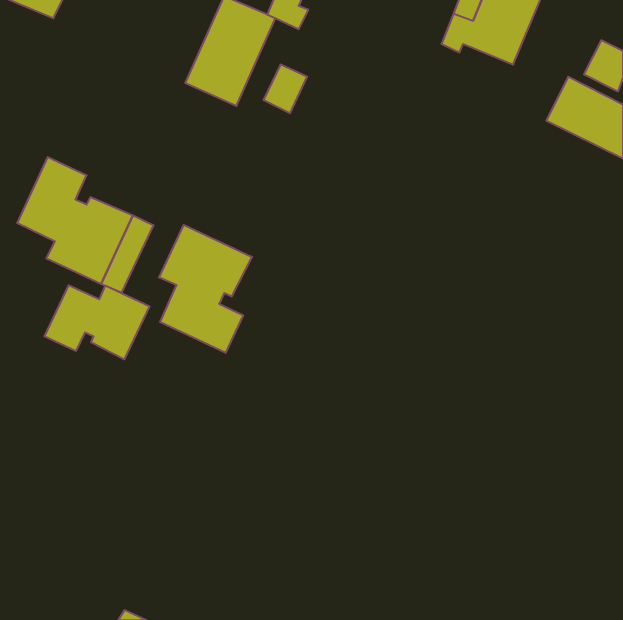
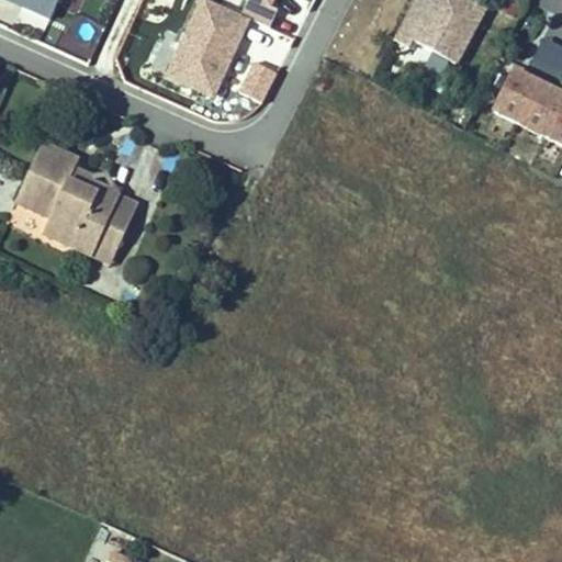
building: [159,225,252,353] -> none
building: [44,285,149,359] -> none

